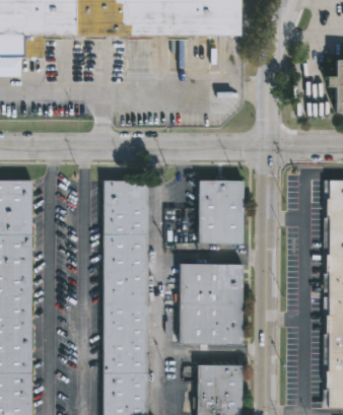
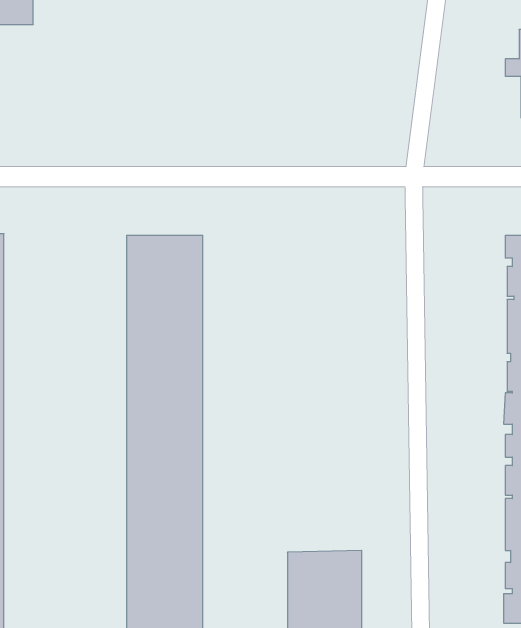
building: [199,176,244,244] -> none
building: [180,264,243,345] -> none

